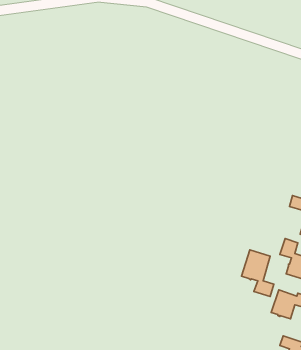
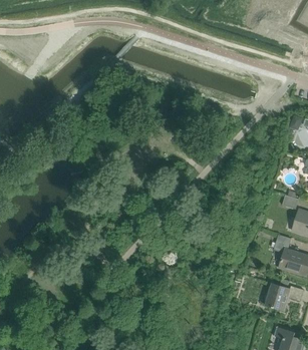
building: [241,250,274,296] -> none

